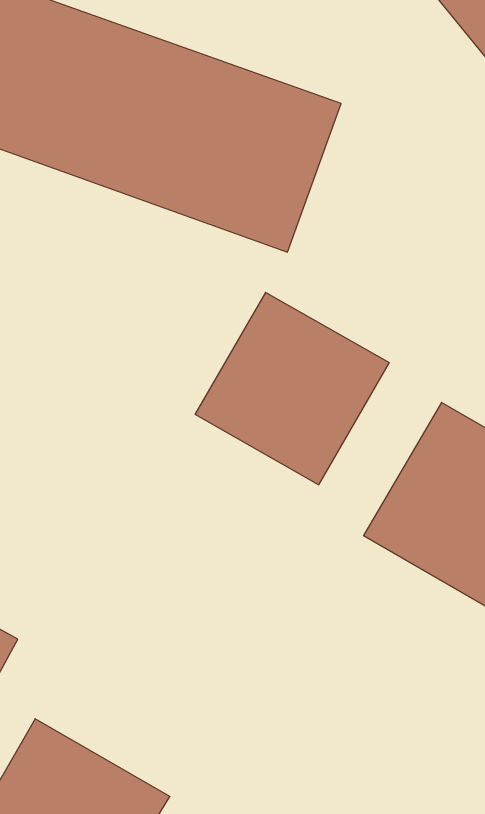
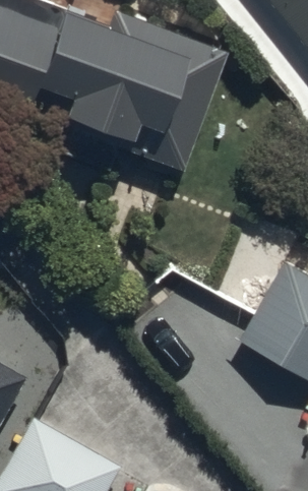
building: [195,292,389,485] -> none

